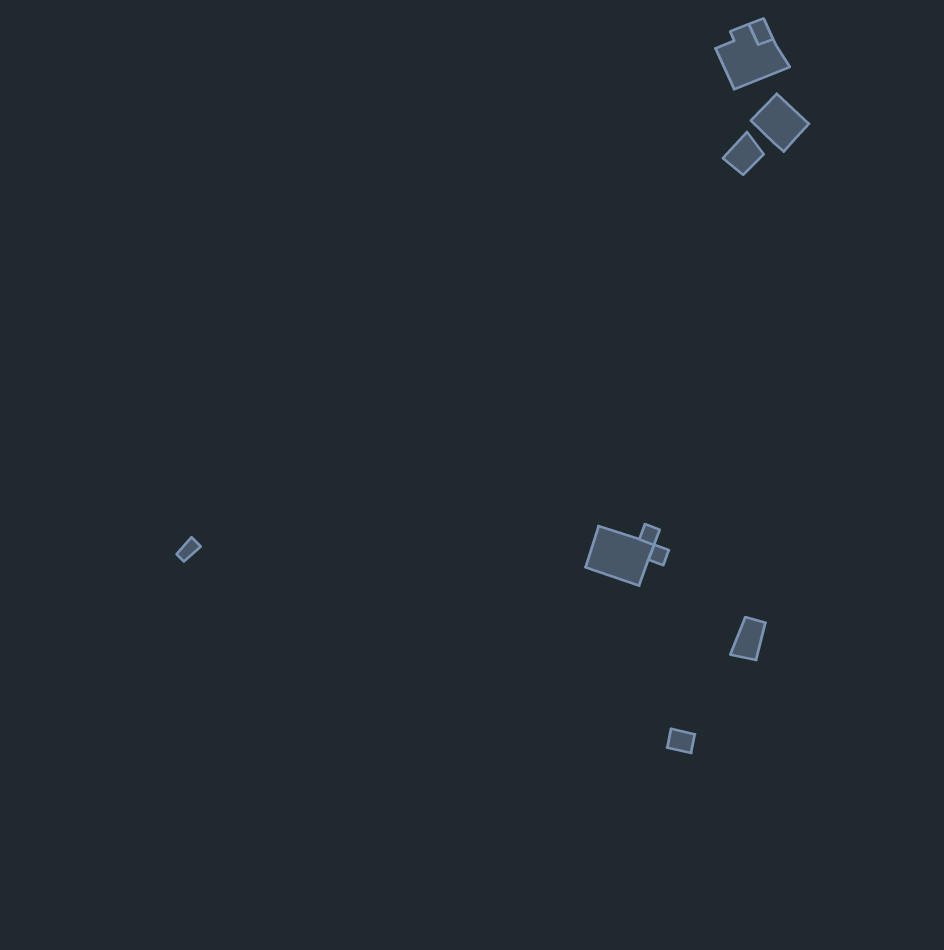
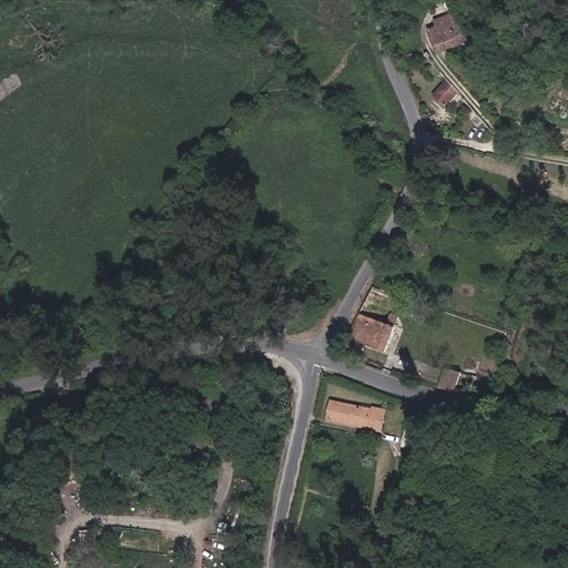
building: [751,94,809,152] -> none
building: none -> [326,402,378,432]

